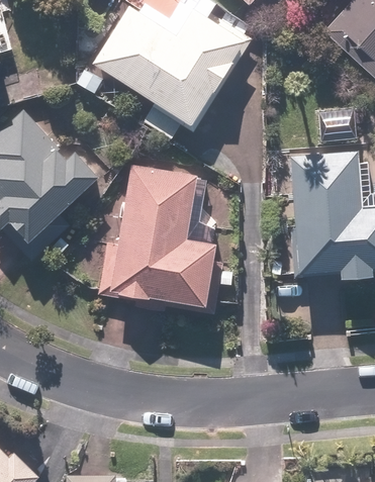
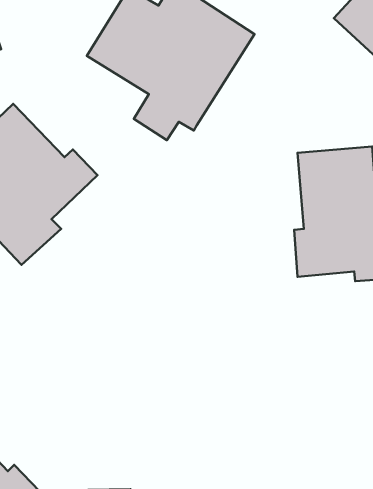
building: [88,167,216,305] -> none

